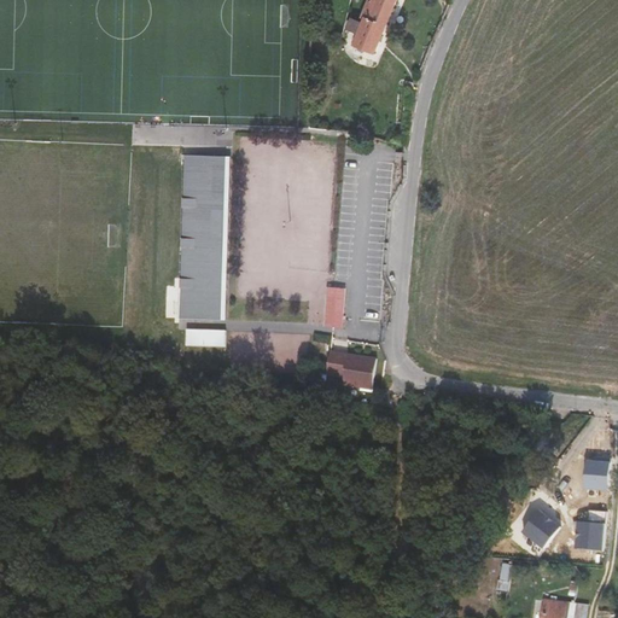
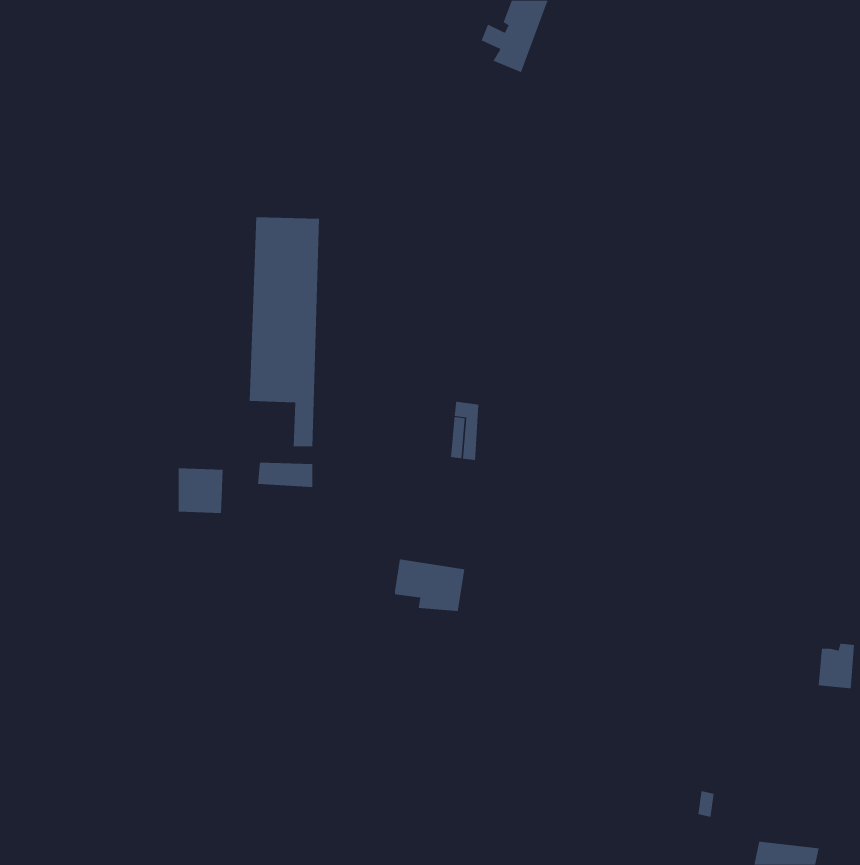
building: [177,286,210,319] -> [178,468,224,514]
building: [325,351,375,389] -> [394,559,465,611]
building: [520,511,558,548] -> none
building: [573,512,602,549] -> none

